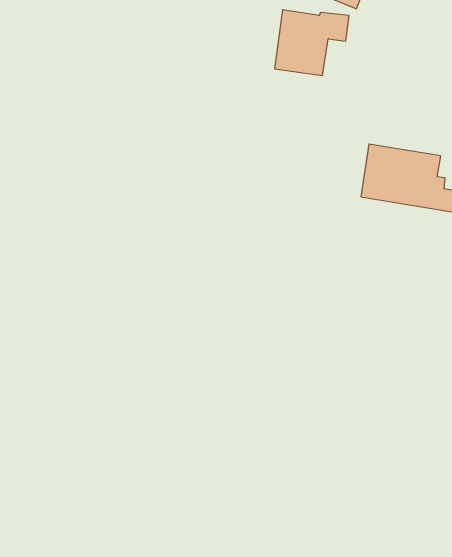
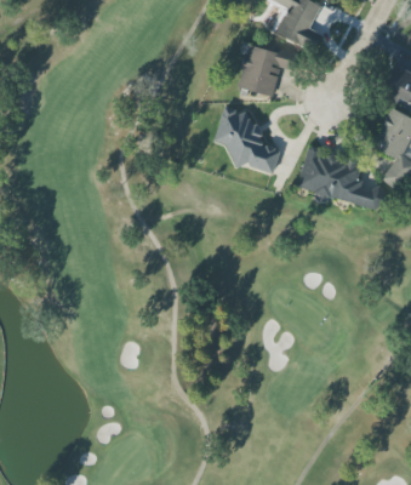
building: none -> [213,105,281,173]

